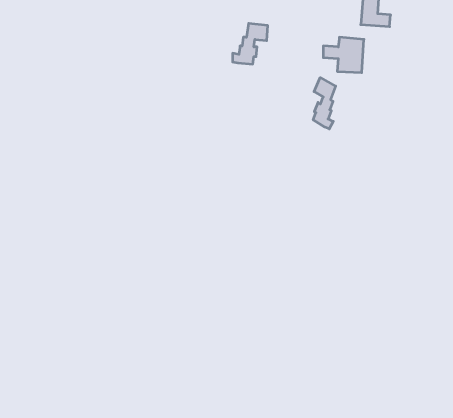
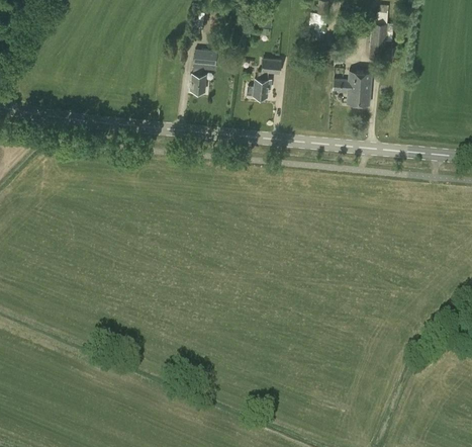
building: none -> [190,51,217,93]
building: [313,78,336,129] -> none

